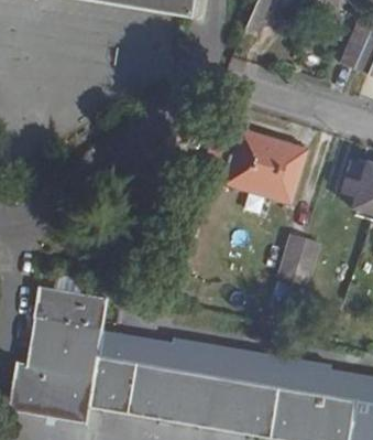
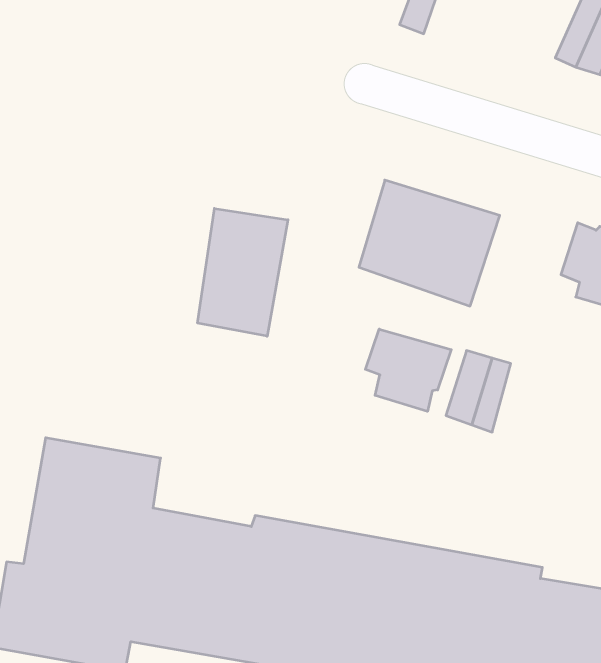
building: none -> [198,208,288,336]
building: none -> [365,329,451,411]

